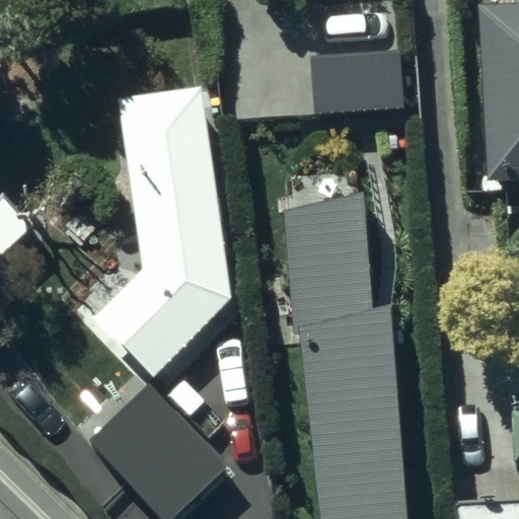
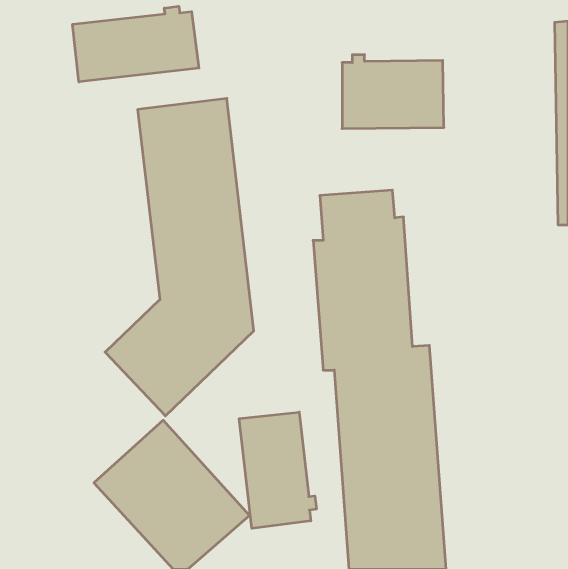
building: none -> [73,6,199,82]
building: none -> [239,412,316,528]

